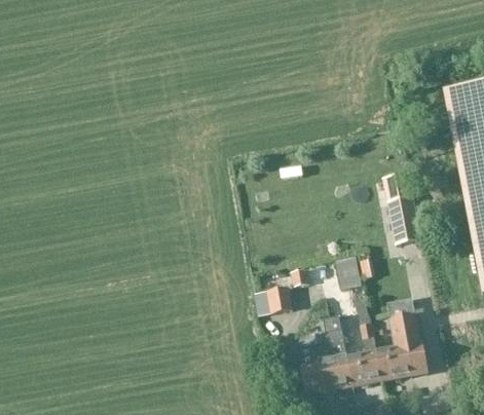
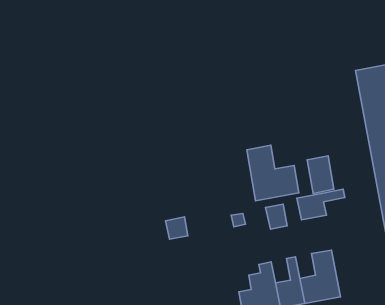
building: none -> [247,145,299,201]
building: none -> [297,189,345,220]
building: [266,284,294,311] -> [165,217,188,239]

